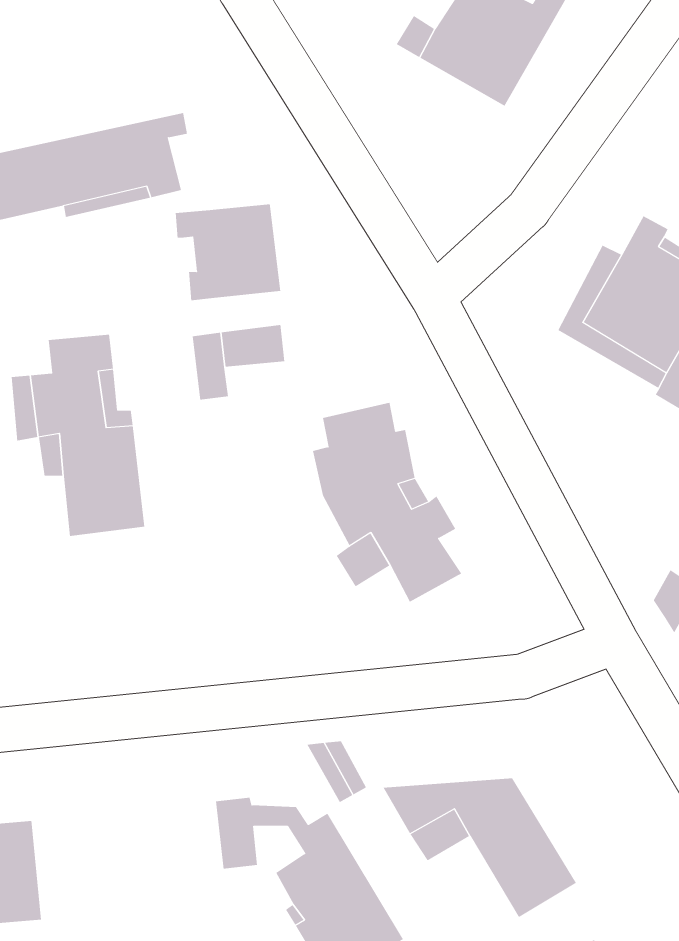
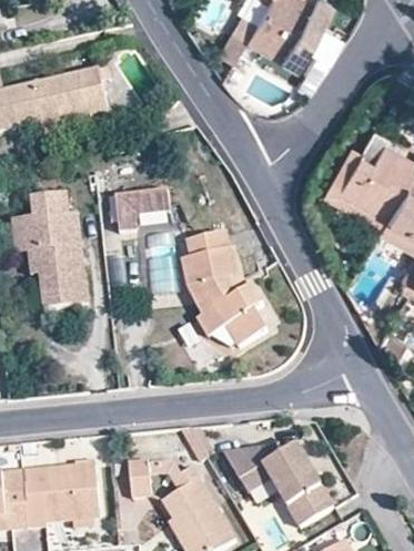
building: [175,204,281,301] -> none
building: none -> [23,460,100,528]

